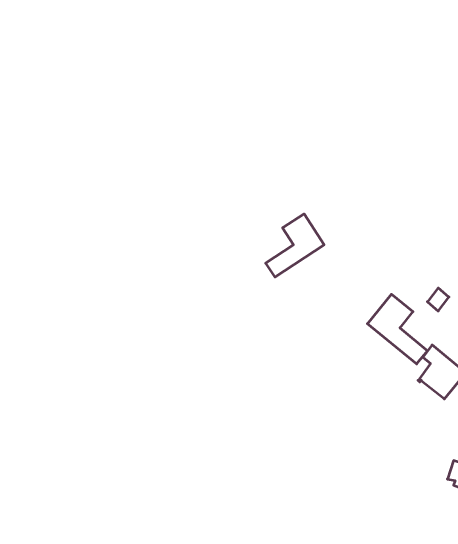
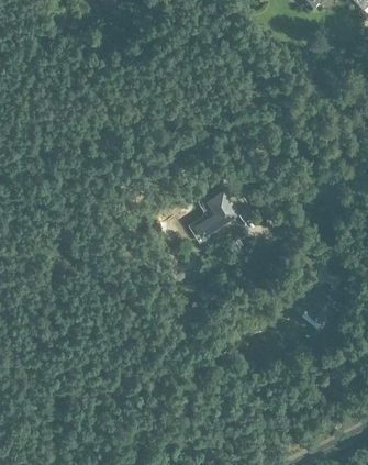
building: [367,294,428,364] -> none

